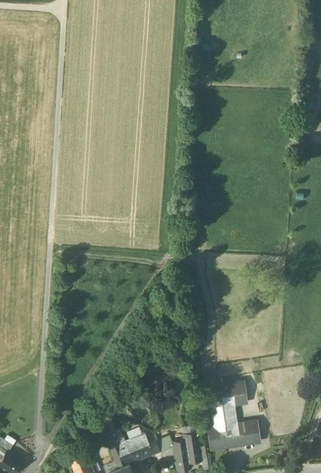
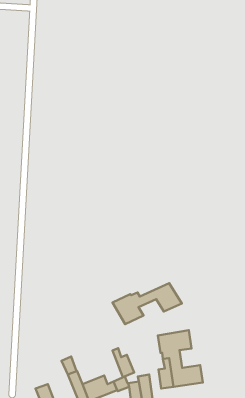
building: none -> [112,283,182,324]
building: none -> [112,348,134,377]

